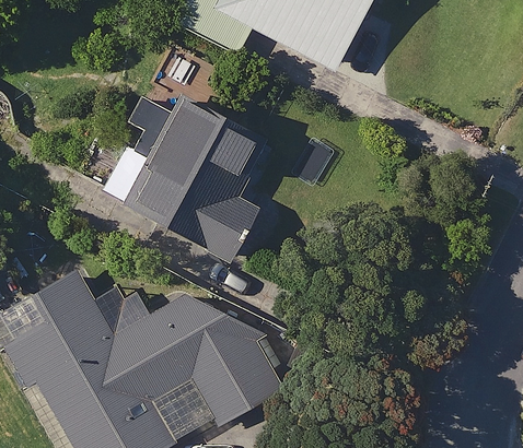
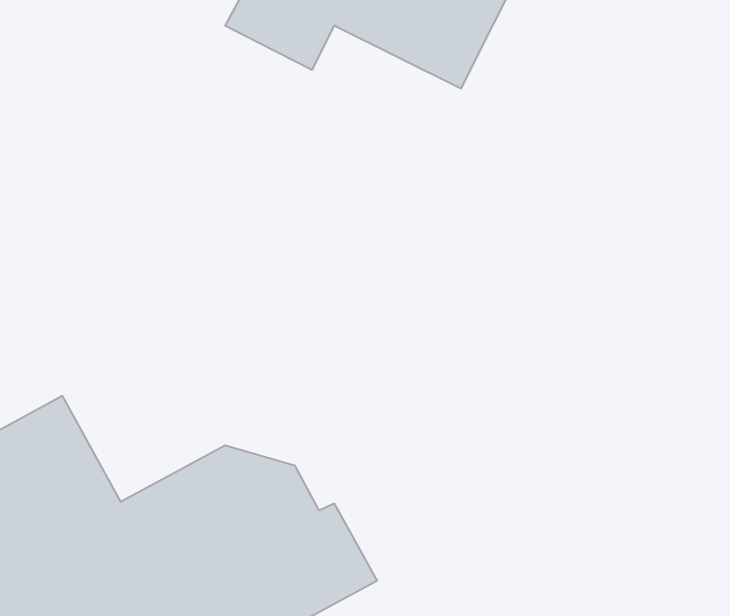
building: [104,98,270,258] -> none

